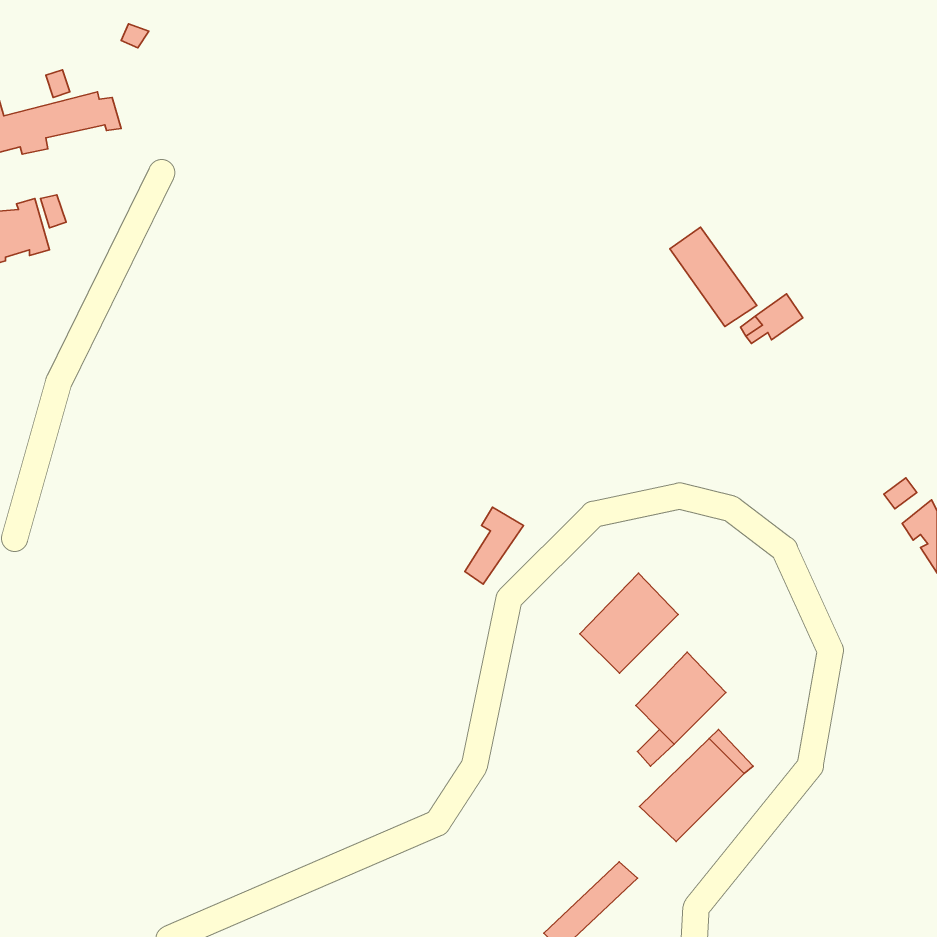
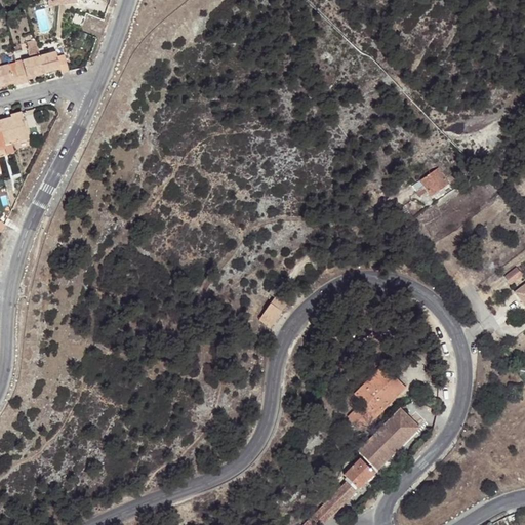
building: [670,227,757,327] -> none
building: [580,573,678,673] -> none
building: none -> [340,458,374,489]

